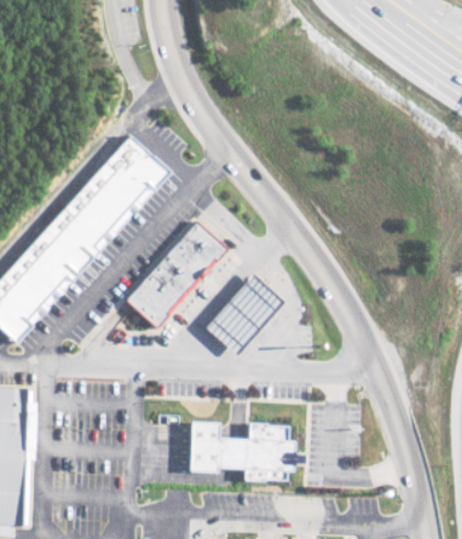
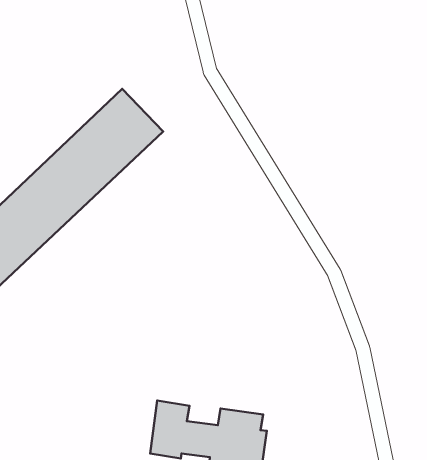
building: [125,219,229,330] -> none
building: [203,274,284,357] -> none

